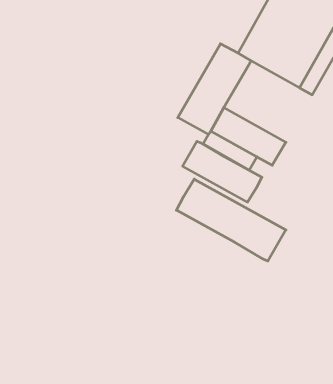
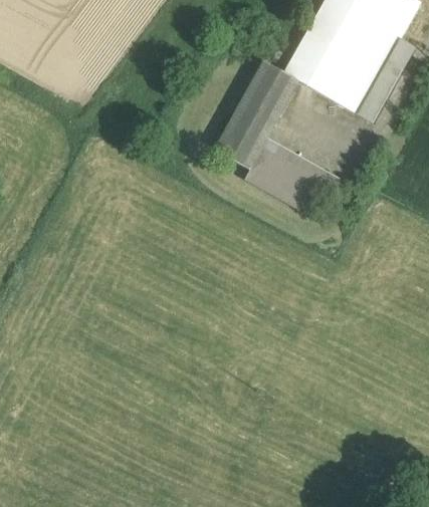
building: [183,141,262,202] -> none
building: [176,179,286,261] -> none

